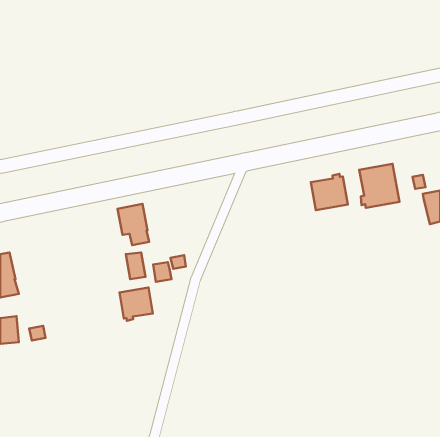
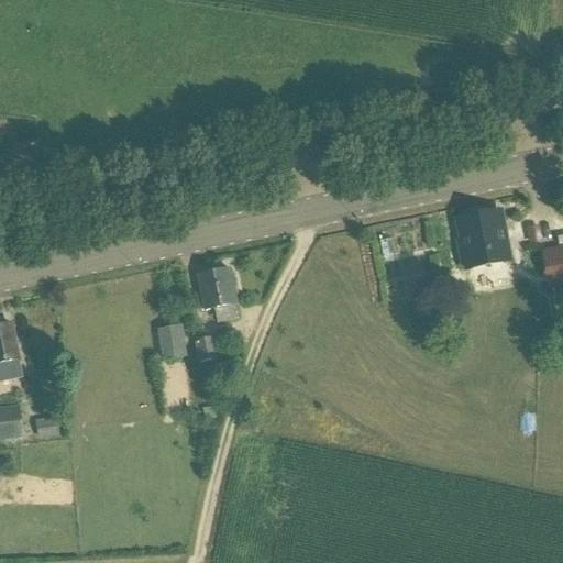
building: [311,174,348,210] -> none
building: [117,204,149,245] -> [199,267,240,320]
building: [119,288,153,321] -> none

